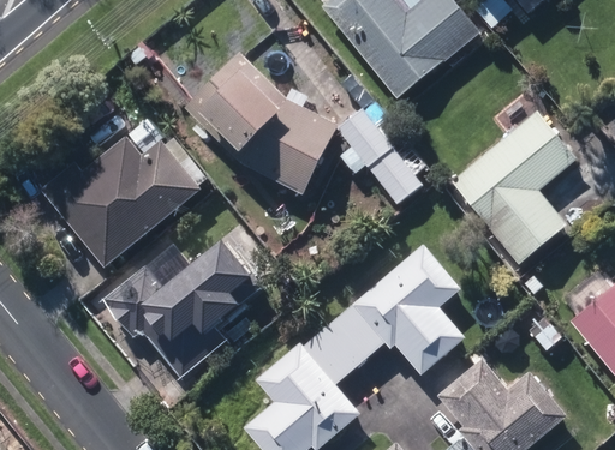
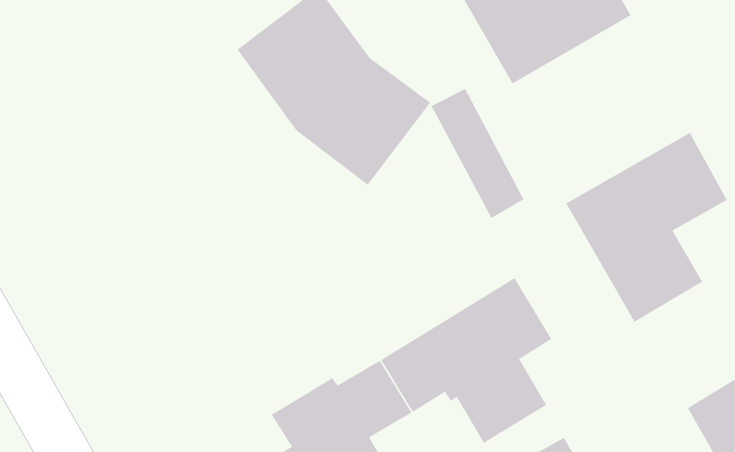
building: [41,137,201,266] -> none
building: [101,248,240,377] -> none

